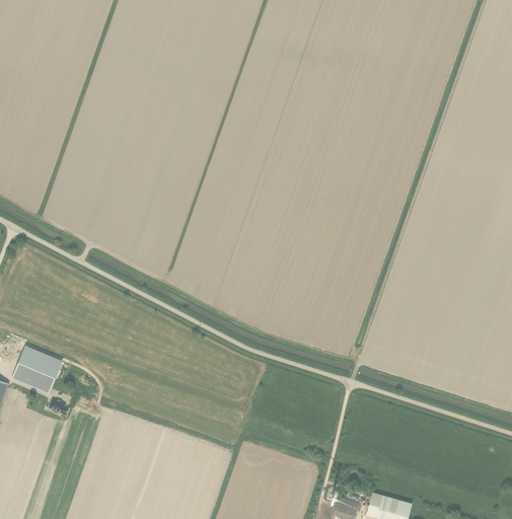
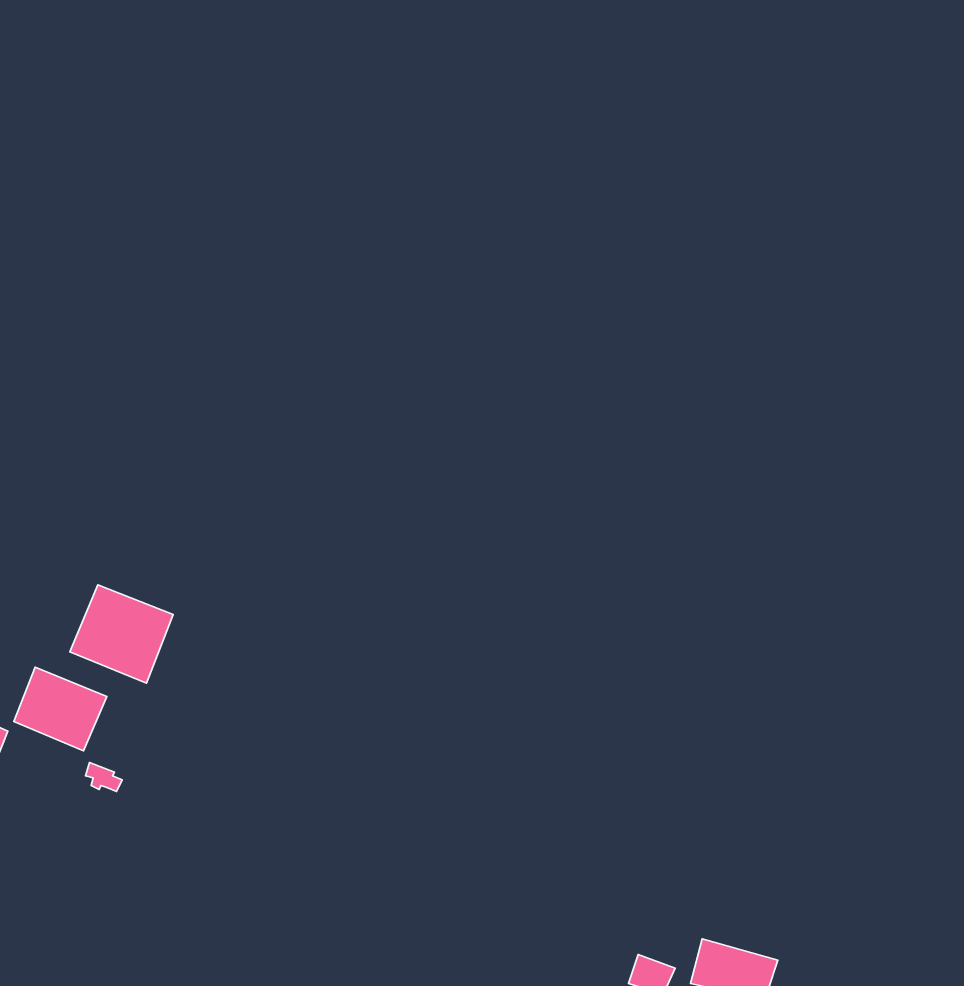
building: none -> [70,585,173,683]

